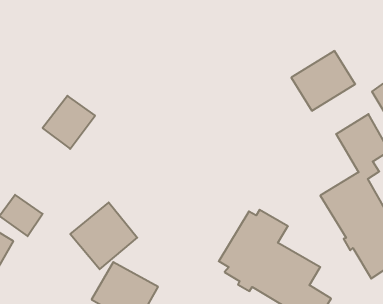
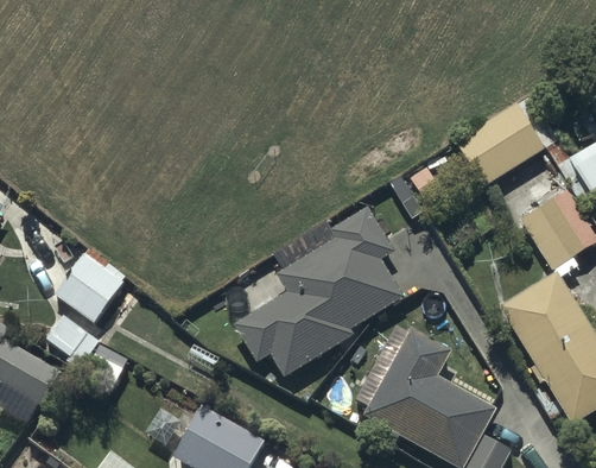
building: [43,96,95,149] -> [55,247,129,323]
building: none -> [232,207,401,379]
building: [70,202,137,269] -> none

